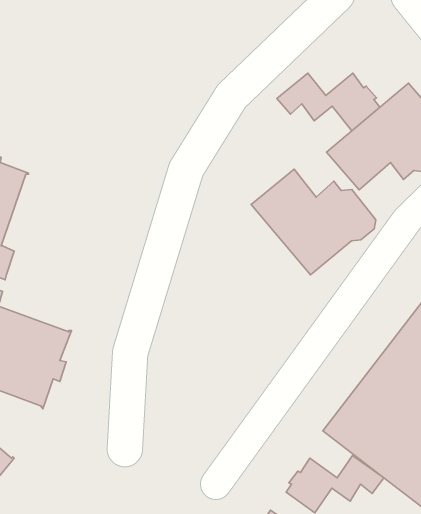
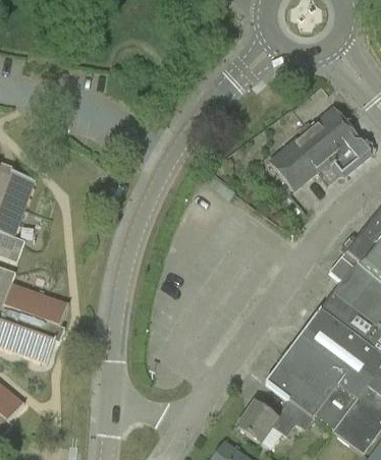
building: [277,73,380,131] -> none
building: [251,169,376,275] -> none

